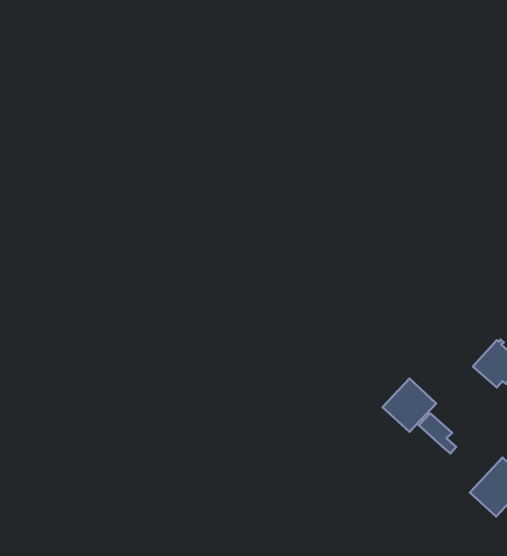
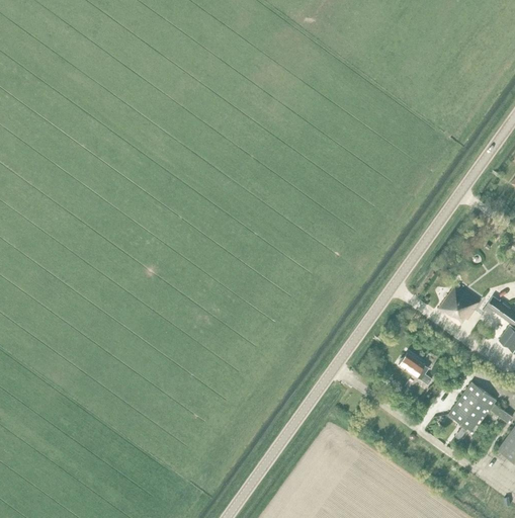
building: [383,379,436,432] -> none

